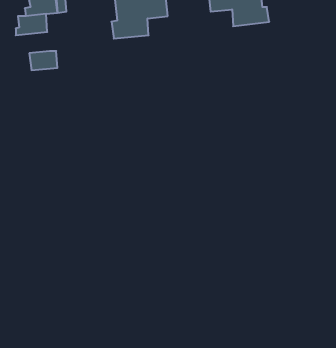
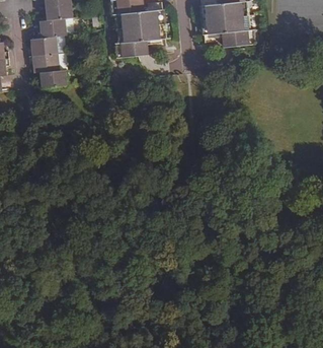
building: none -> [28,52,59,72]

